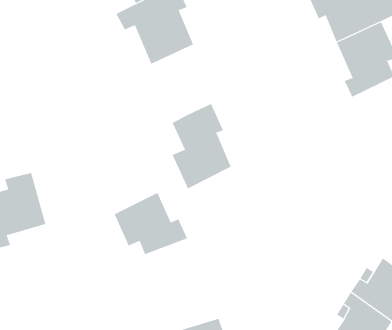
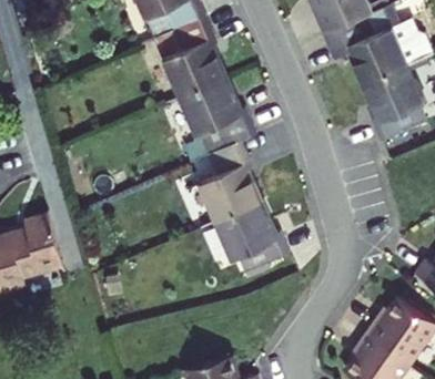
building: none -> [175,82,252,153]
building: [114,192,188,255] -> [212,205,286,268]

